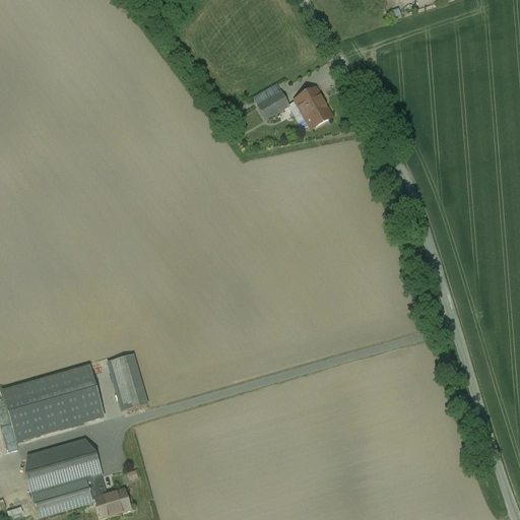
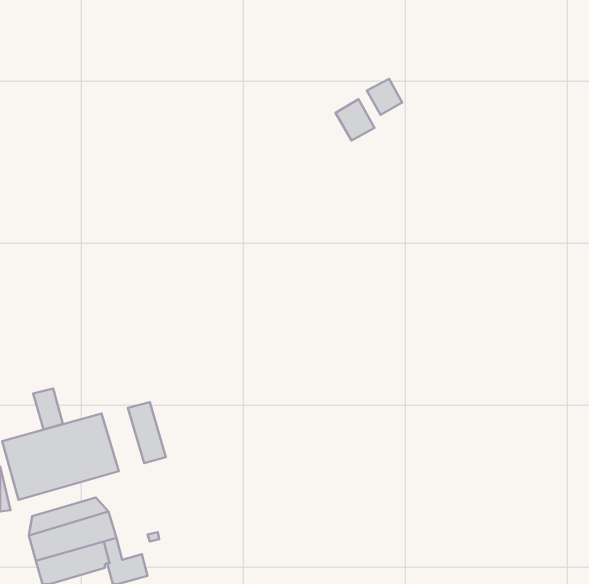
building: none -> [367,79,402,115]
building: [257,90,289,118] -> none
building: none -> [33,389,63,430]

